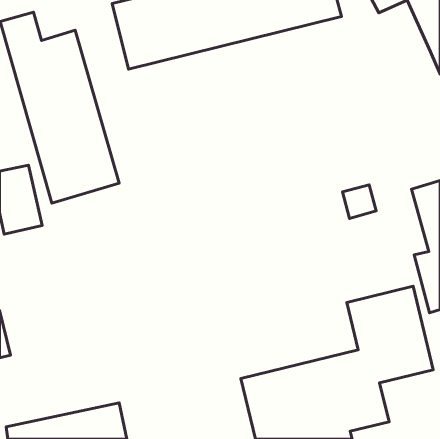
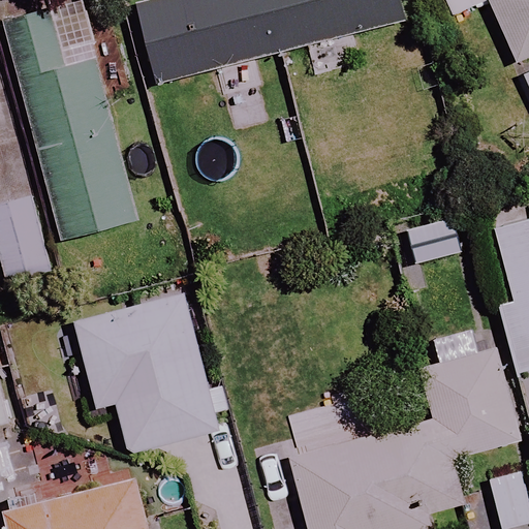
building: none -> [74,292,218,447]

